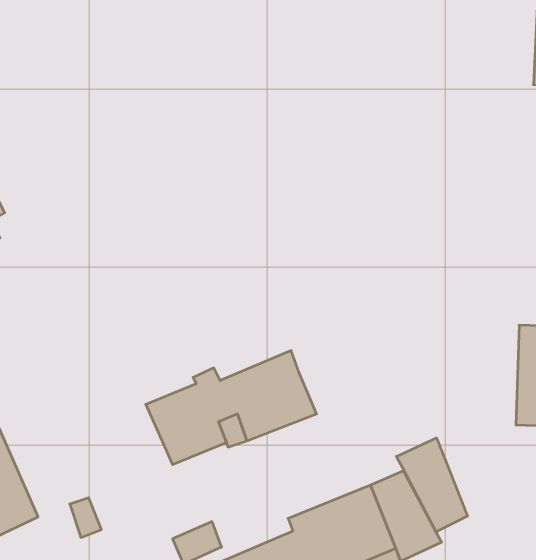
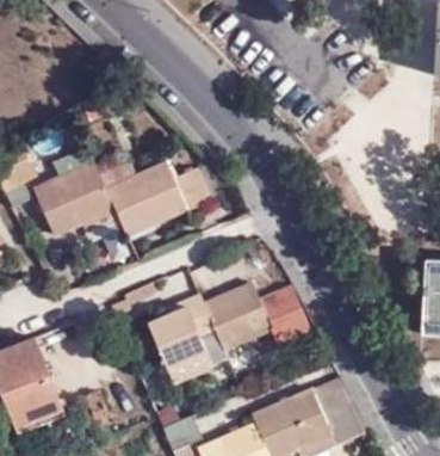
building: none -> [39,165,213,233]
building: none -> [260,285,311,345]
building: [396,438,468,532] -> none

